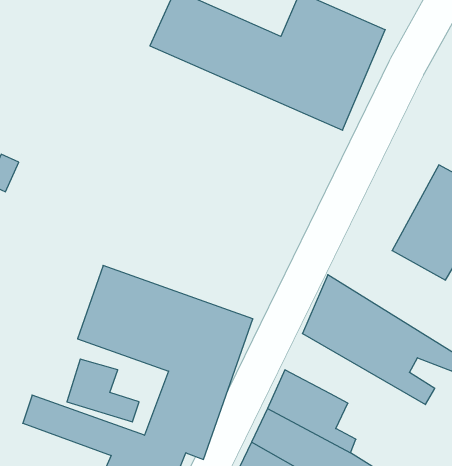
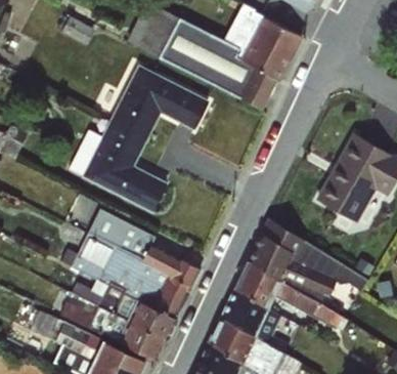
building: none -> [68,64,212,210]
building: none -> [228,263,342,331]

